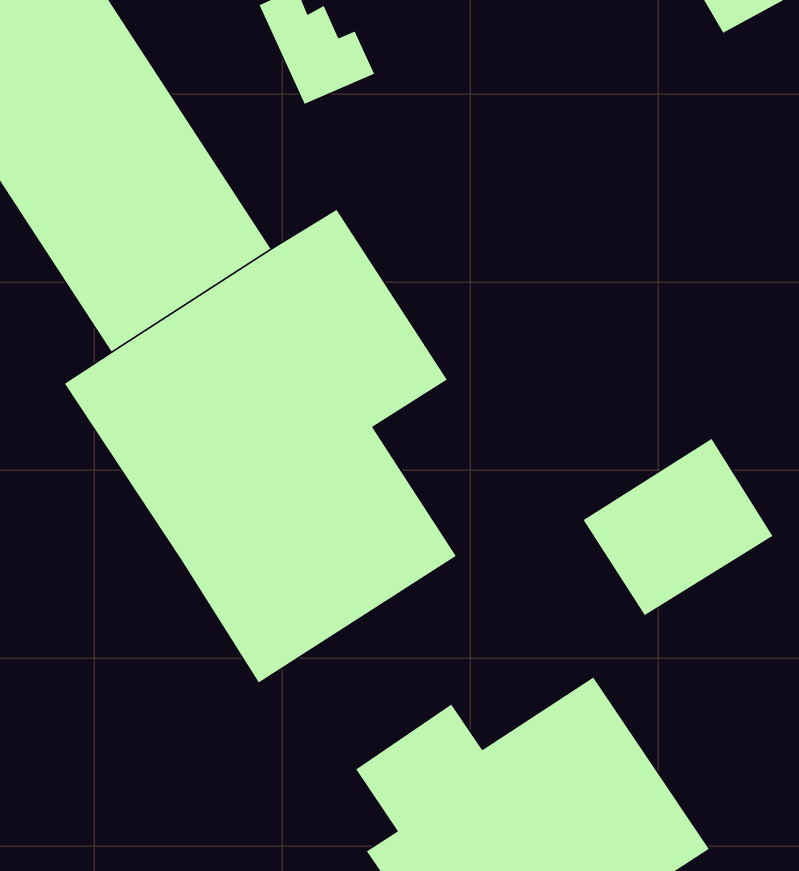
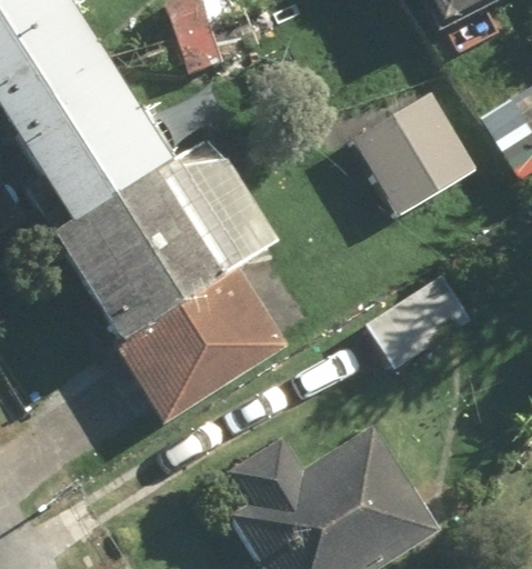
building: none -> [350,88,475,214]

